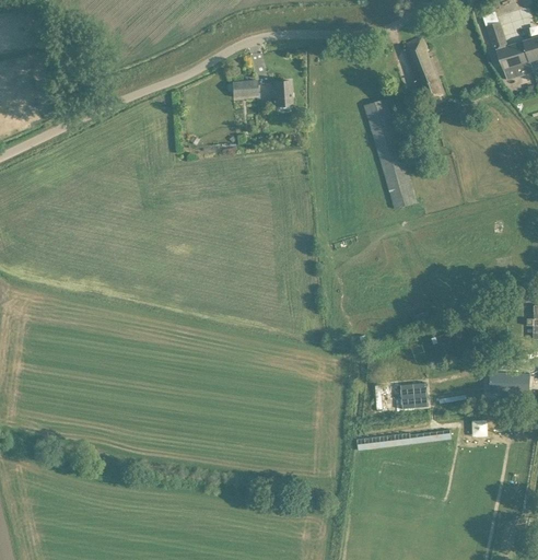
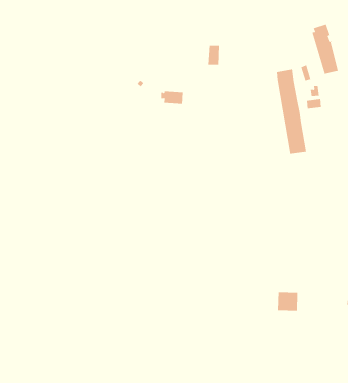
building: [227,81,258,97] -> [160,91,184,104]

